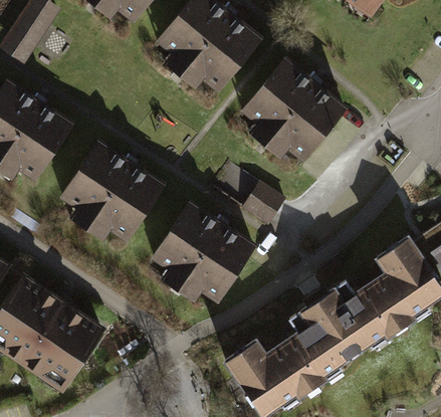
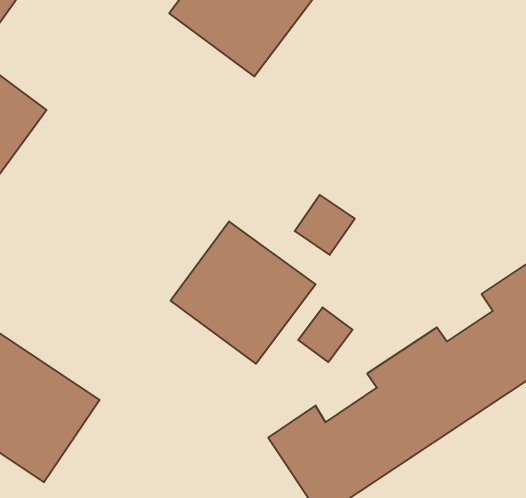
building: [239,56,344,159] -> none
building: [61,138,167,241] -> none
building: none -> [298,307,353,362]

